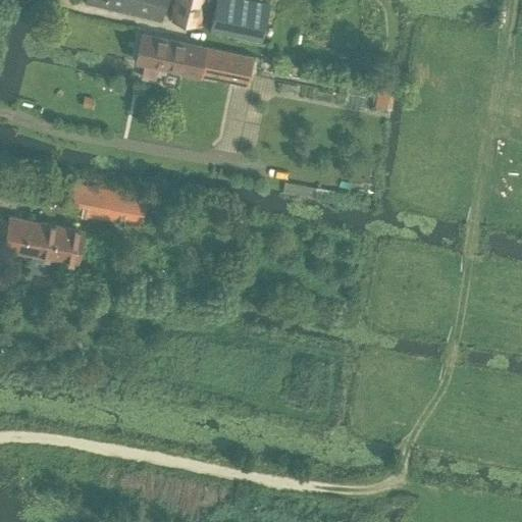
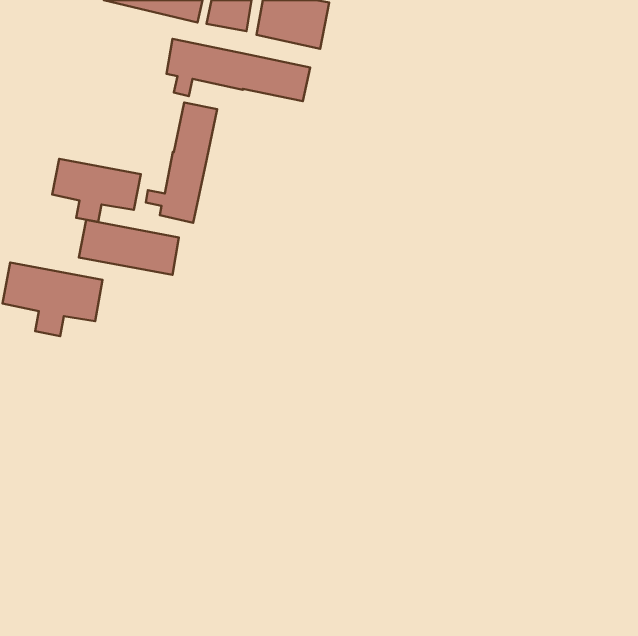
building: none -> [146,103,217,223]
building: none -> [52,159,141,222]

